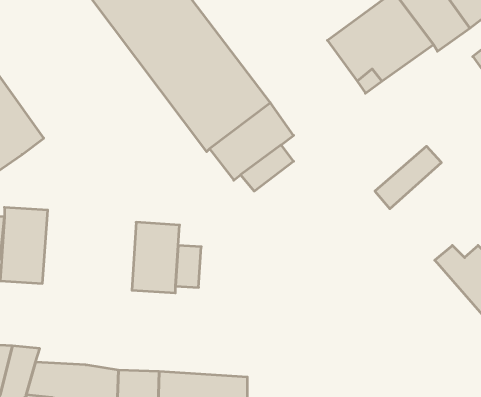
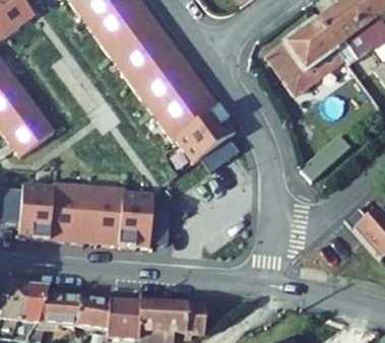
building: none -> [51,183,122,243]

